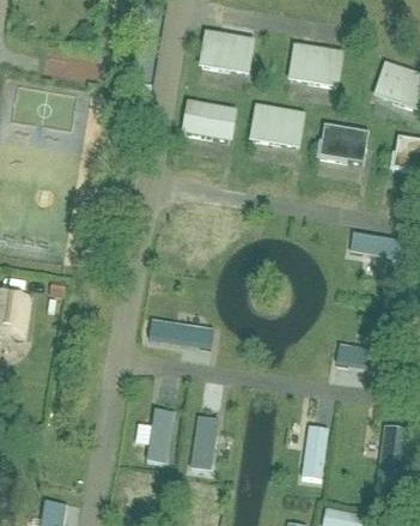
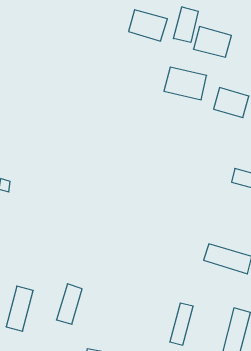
building: none -> [173,7,198,42]
building: [195,108,237,135] -> none
building: [147,318,217,349] -> none
building: [189,416,220,476] -> [6,286,33,331]

